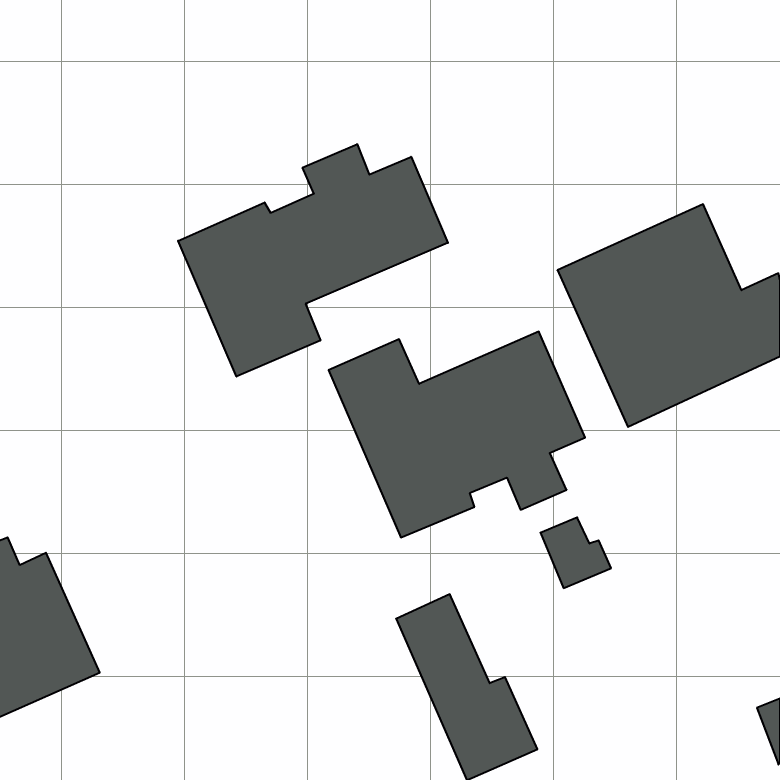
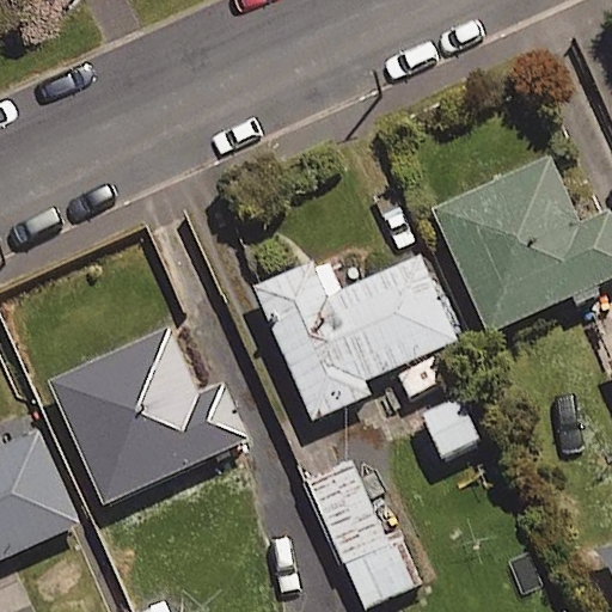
building: [178,144,448,377] -> none
building: none -> [50,319,240,503]

